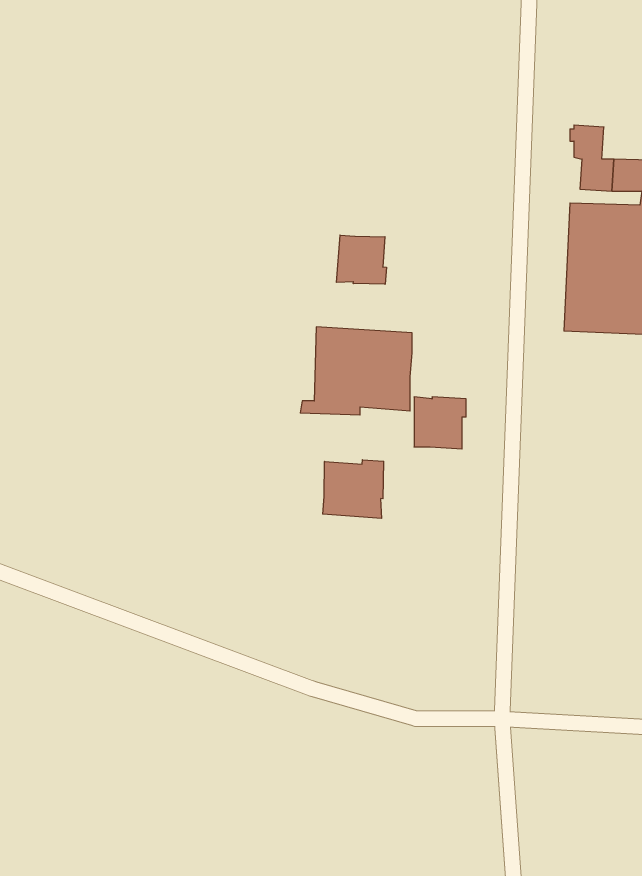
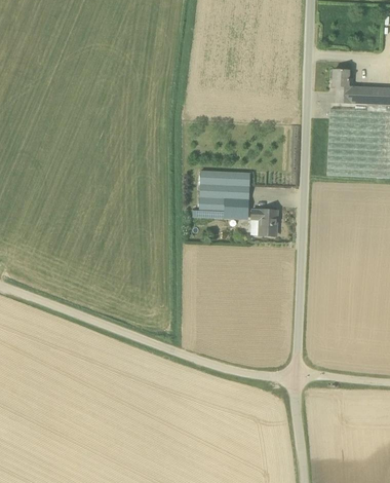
building: [336,235,386,284] -> none
building: [323,460,384,518] -> none

